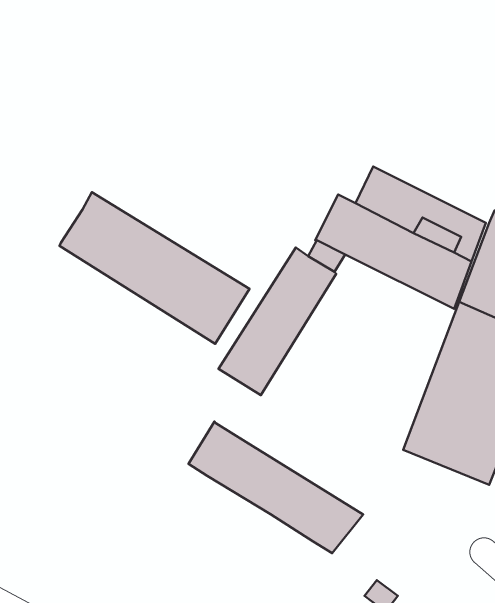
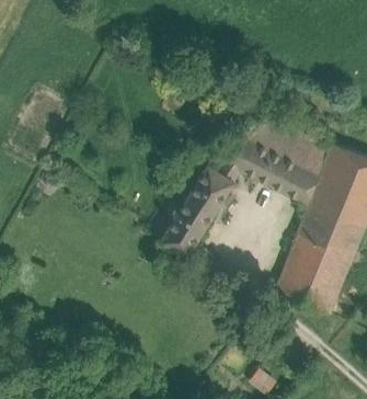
building: [60,192,249,344] -> none
building: [188,421,363,553] -> none

